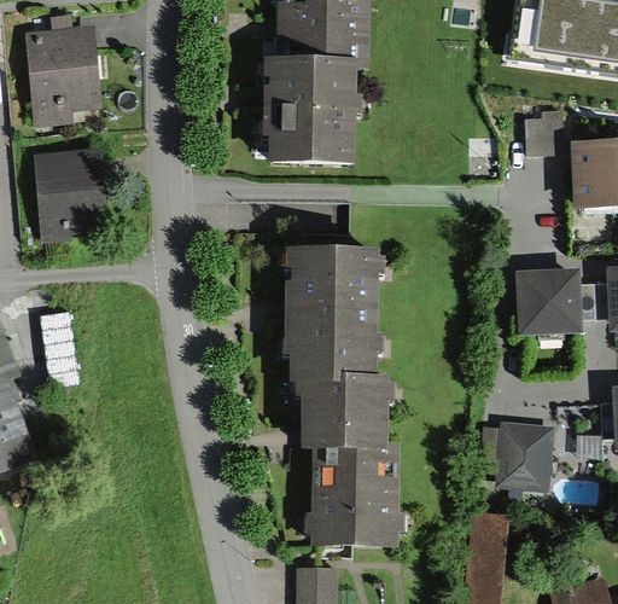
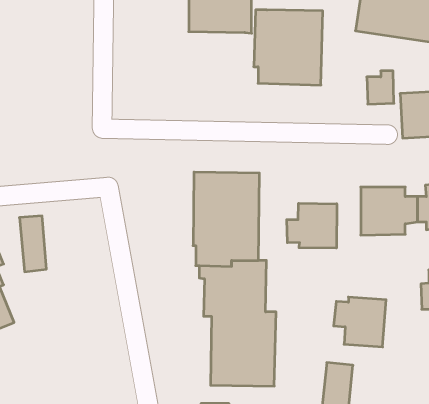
building: [27,28,98,124] -> none
building: [262,54,357,158] -> [254,10,323,85]
building: [36,151,104,239] -> none
building: none -> [287,203,337,248]

